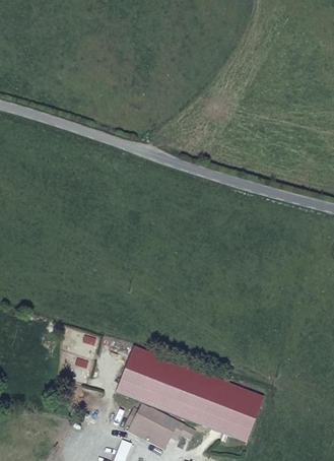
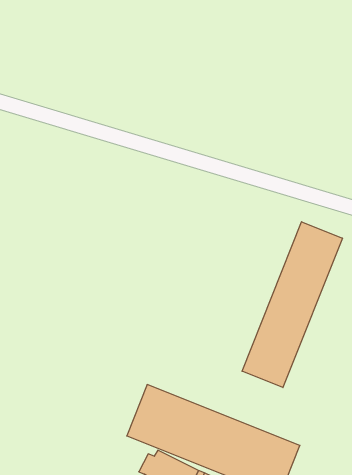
building: none -> [242,222,342,388]

